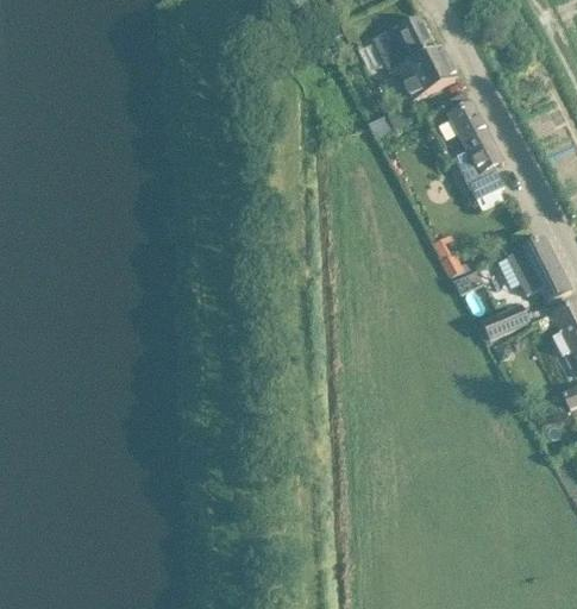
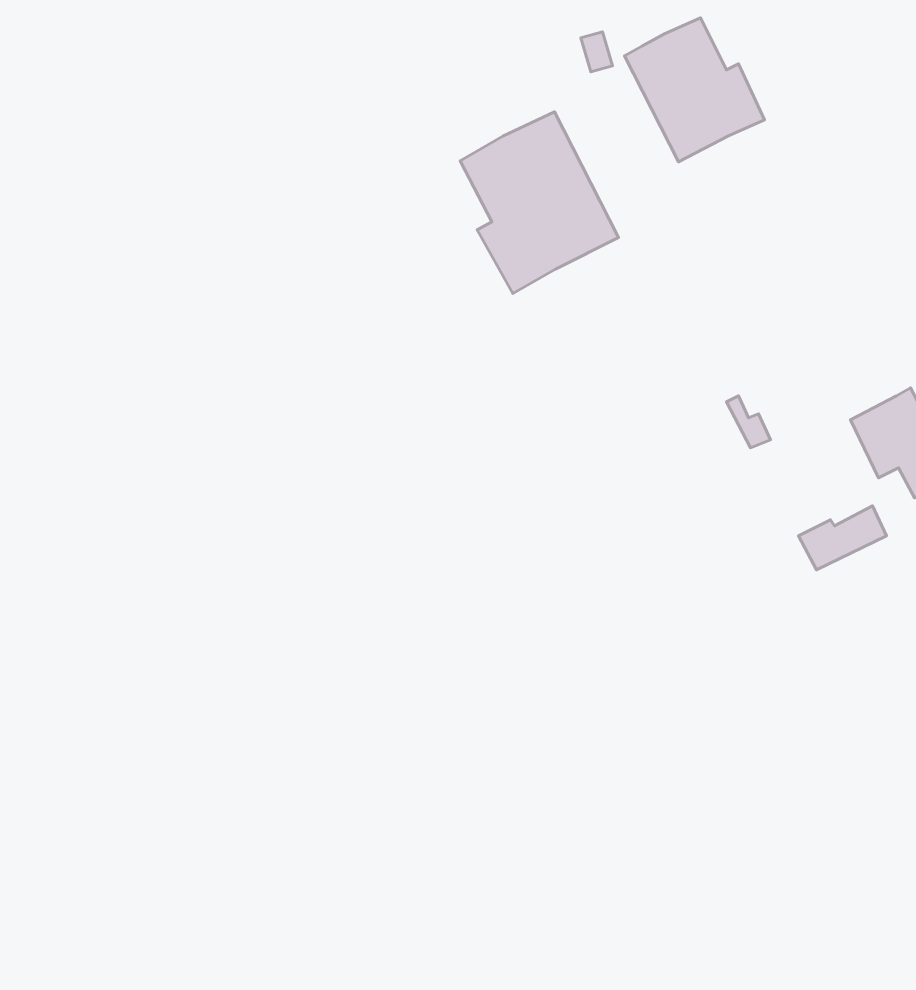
building: none -> [460,112,619,294]
building: [447,102,503,211] -> none

